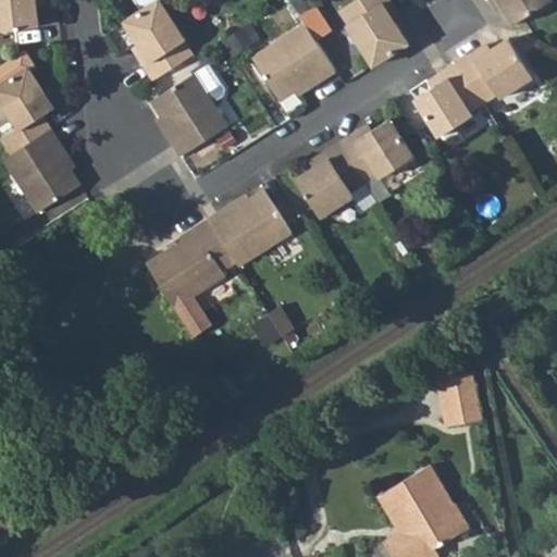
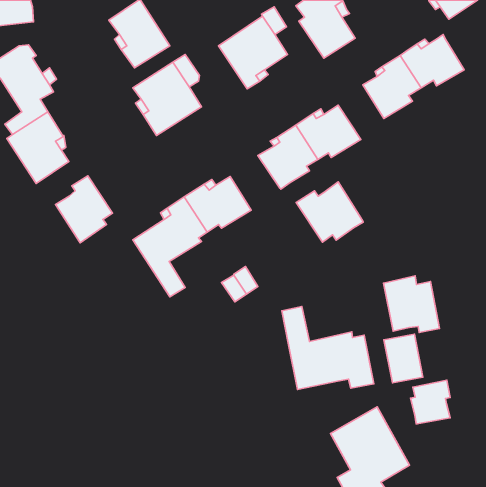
building: none -> [56,176,113,243]
building: none -> [296,182,363,242]
building: none -> [384,276,439,332]
building: none -> [282,306,374,389]
building: none -> [411,380,450,424]

